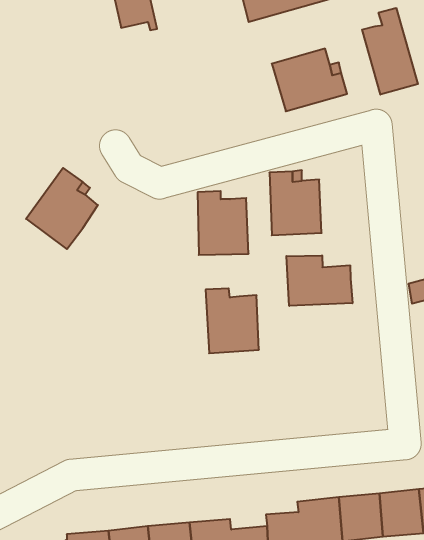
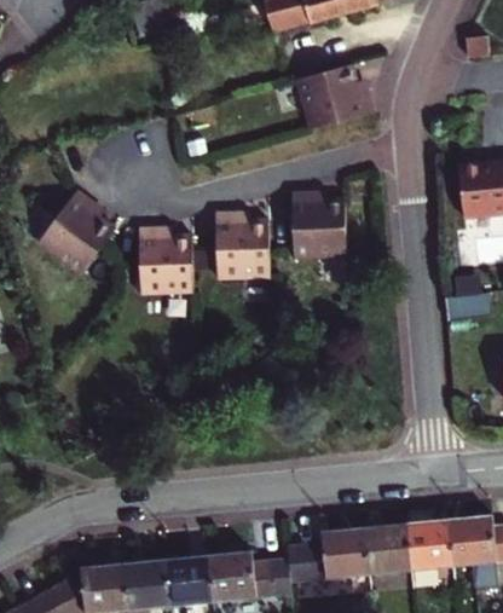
building: [362,8,418,95] -> none
building: [286,255,352,306] -> none
building: [206,288,259,353] -> [135,226,191,294]

